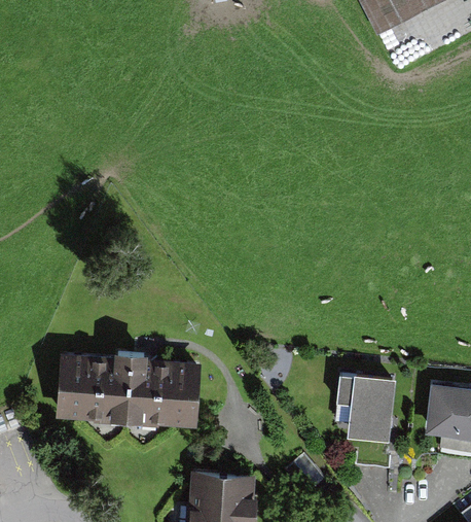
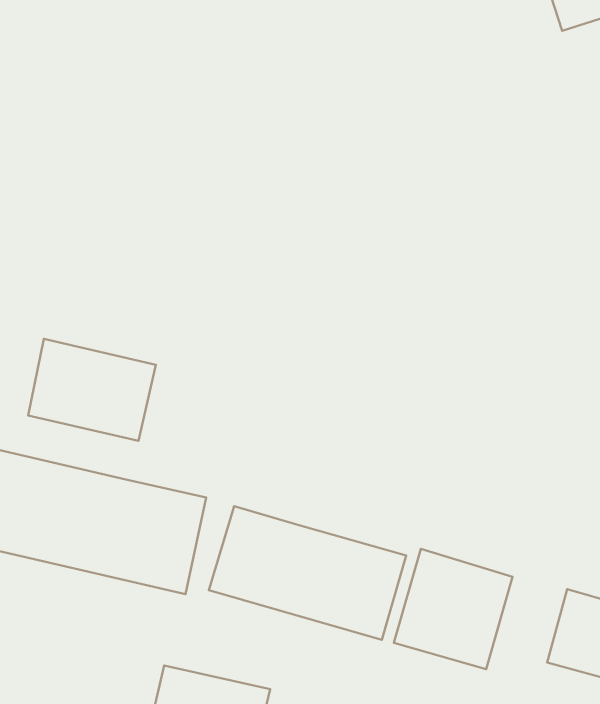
building: none -> [28,339,156,441]
building: none -> [209,506,406,640]

